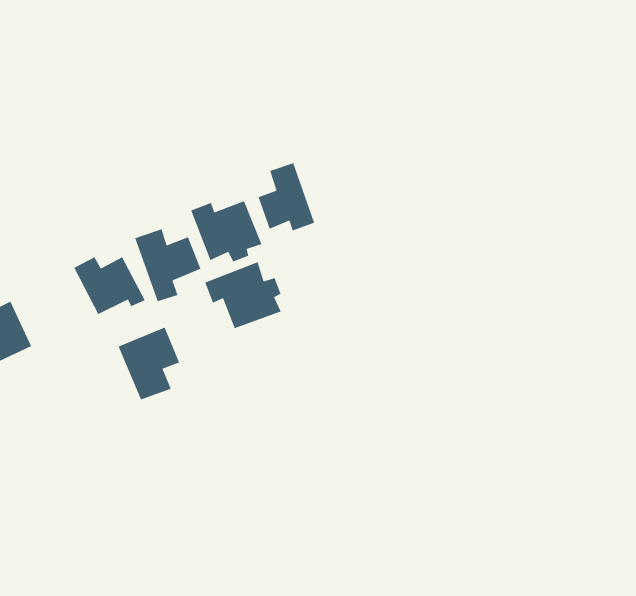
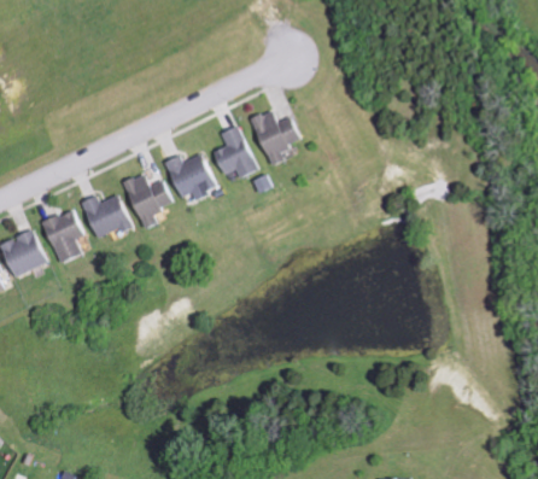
building: none -> [251,111,299,167]
building: [204,261,282,329] -> none
building: [118,327,180,401] -> [40,209,86,263]

